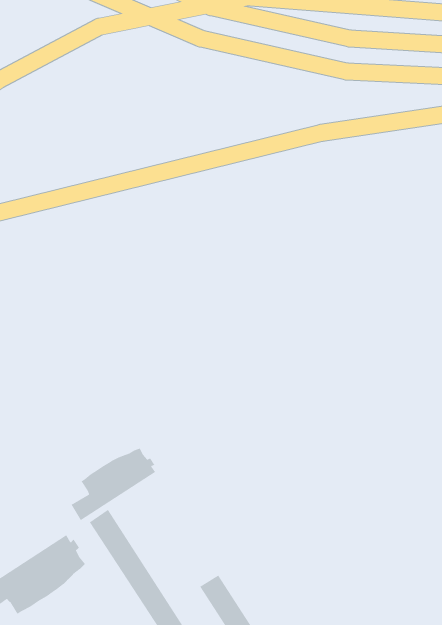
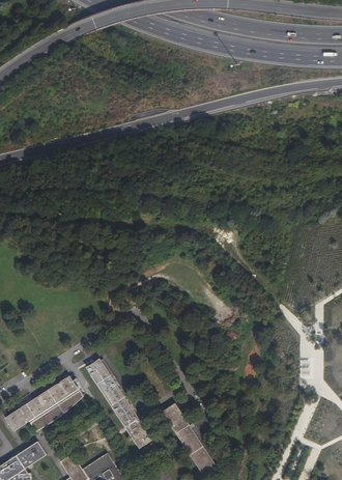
building: [70,448,156,521] -> none

